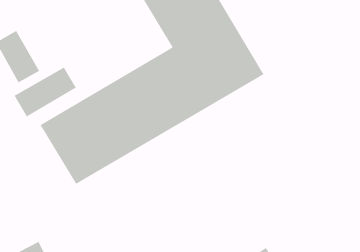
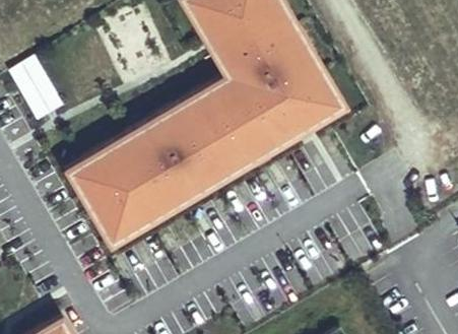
building: [13,66,77,117] -> none

